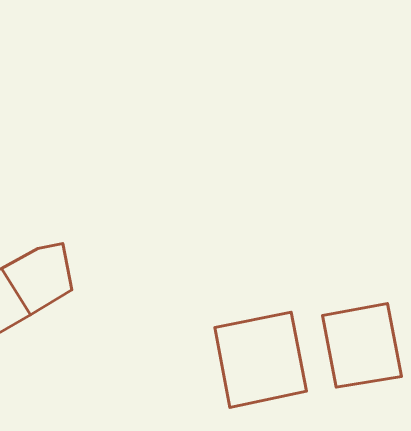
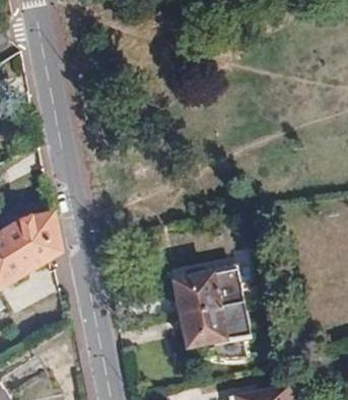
building: [322,304,402,387] -> none

